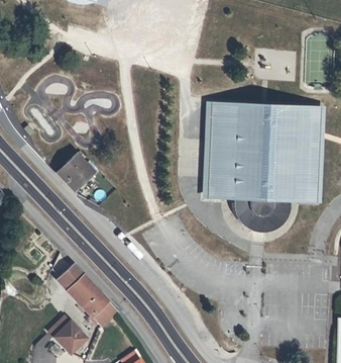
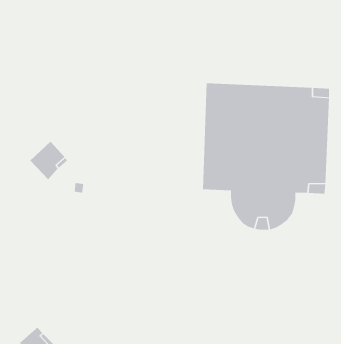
building: [61,264,118,327] -> none

